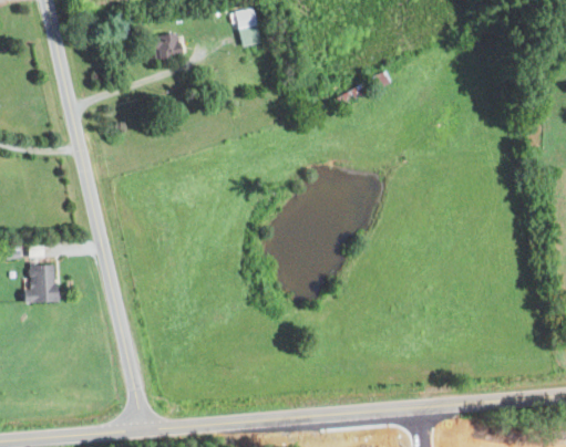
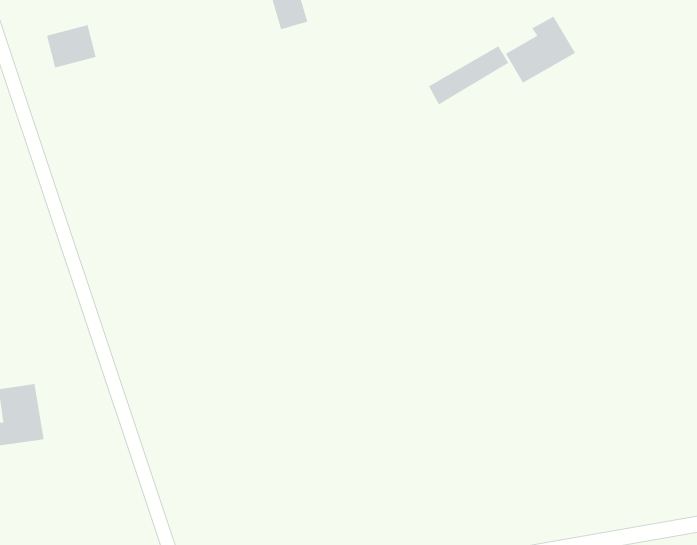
building: [151,32,183,59] -> [46,25,97,68]
building: none -> [505,16,576,83]

